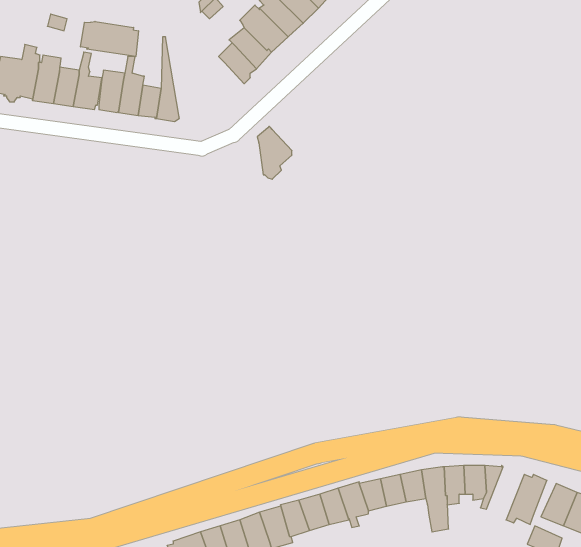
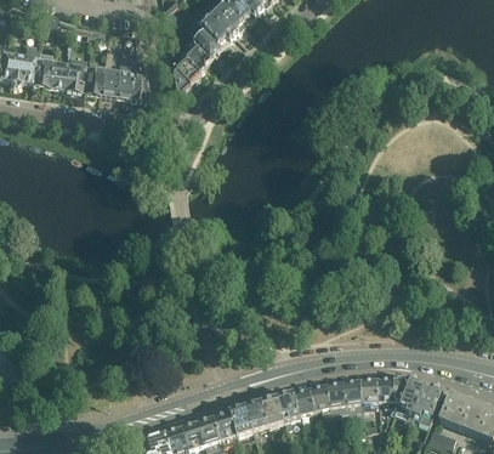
building: [81,21,138,57] -> none
building: [257,126,292,179] -> [172,52,200,95]
building: none -> [394,376,425,421]

